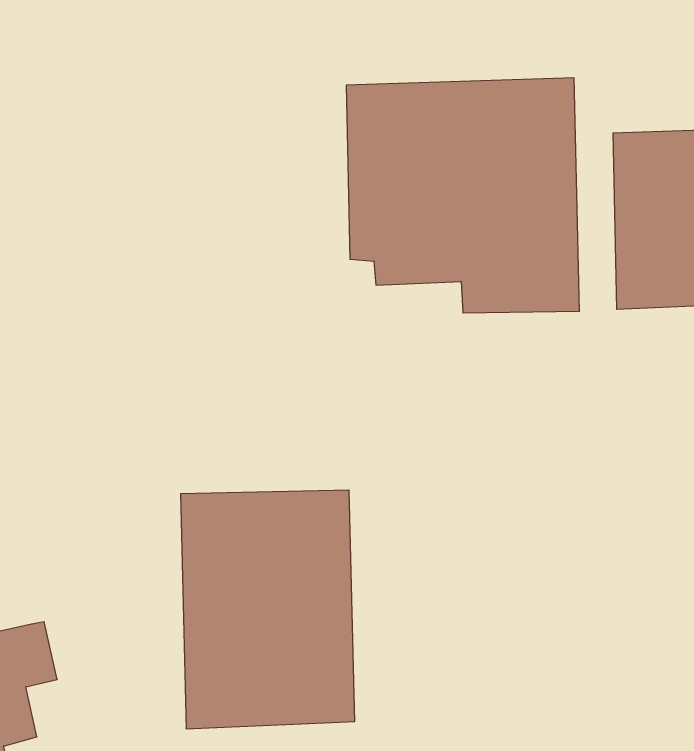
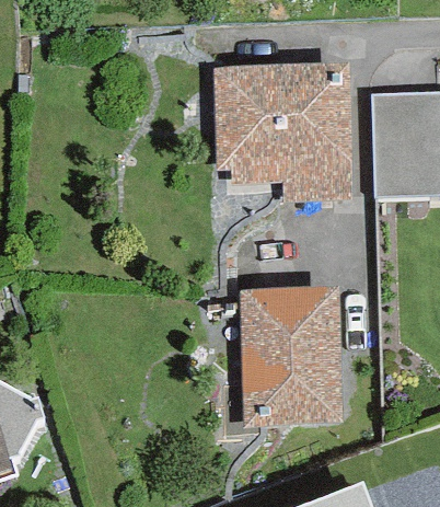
building: [181,490,355,729] -> [239,286,341,427]

